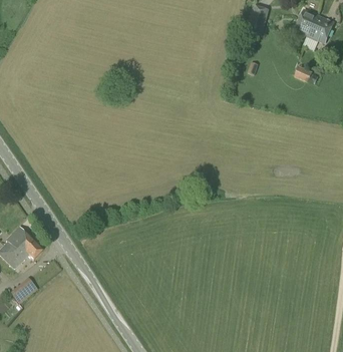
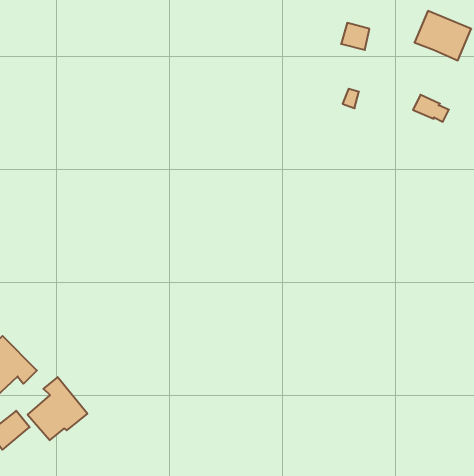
building: none -> [28,377,87,440]

